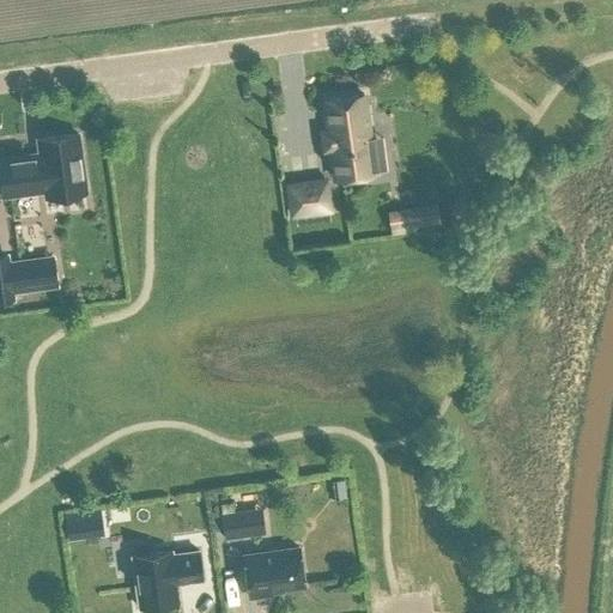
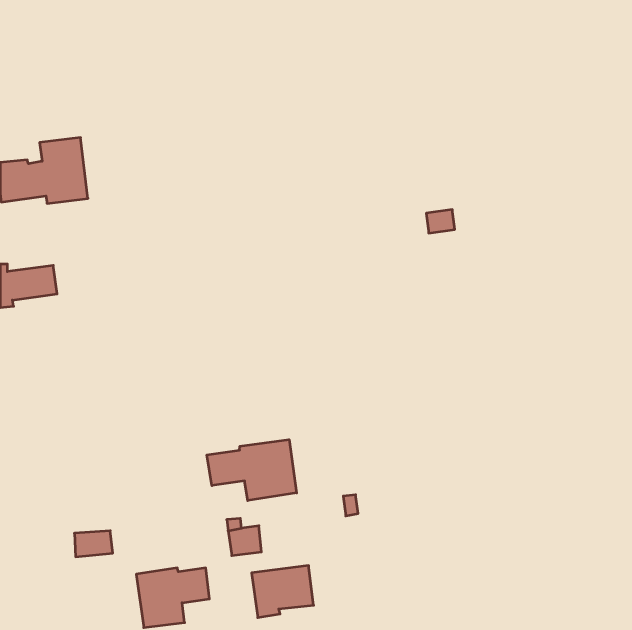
building: [324,97,375,181] -> none
building: [289,183,330,218] -> none
building: none -> [207,440,297,501]

